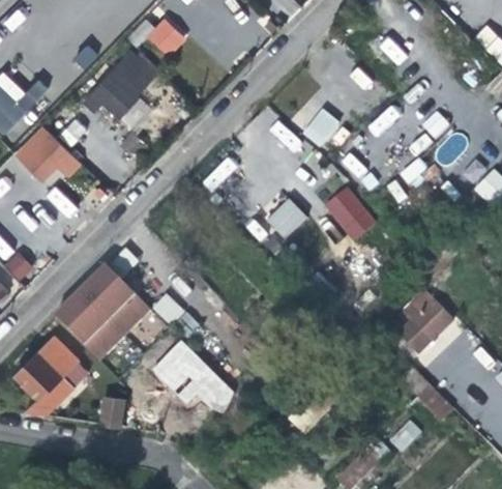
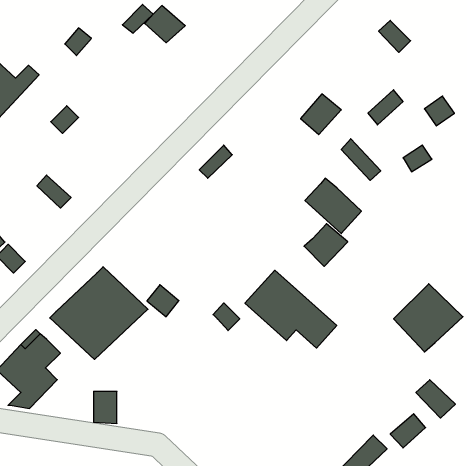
building: [85,51,160,121] -> none
building: [14,126,84,180] -> none
building: [268,201,311,242] -> [304,224,348,266]
building: [149,337,238,412] -> [245,270,337,348]

